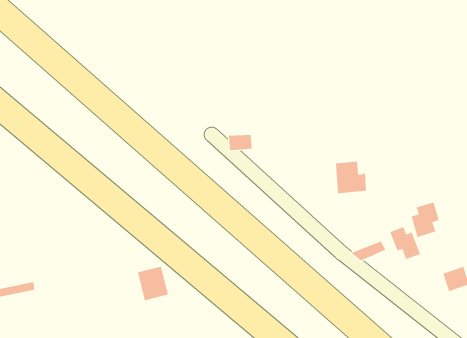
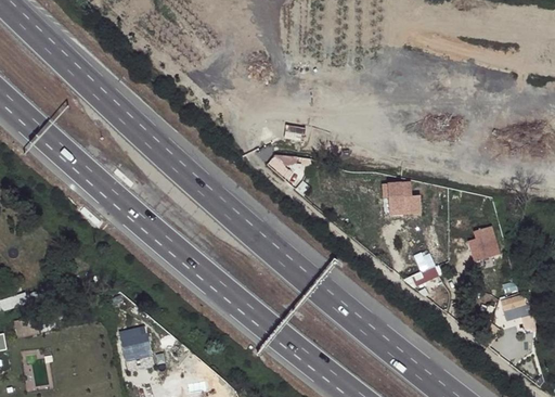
building: [389,226,421,260] -> none
building: [137,266,169,301] -> [119,323,153,360]

